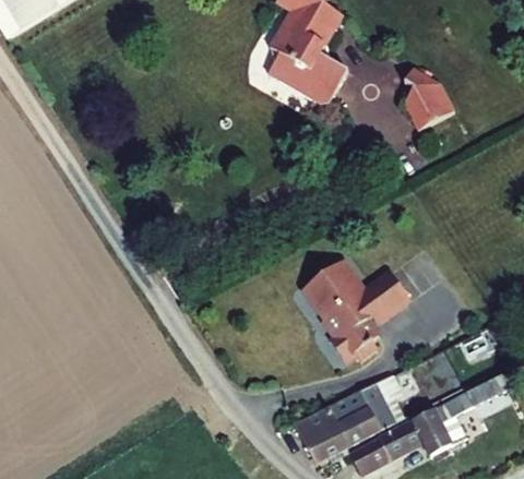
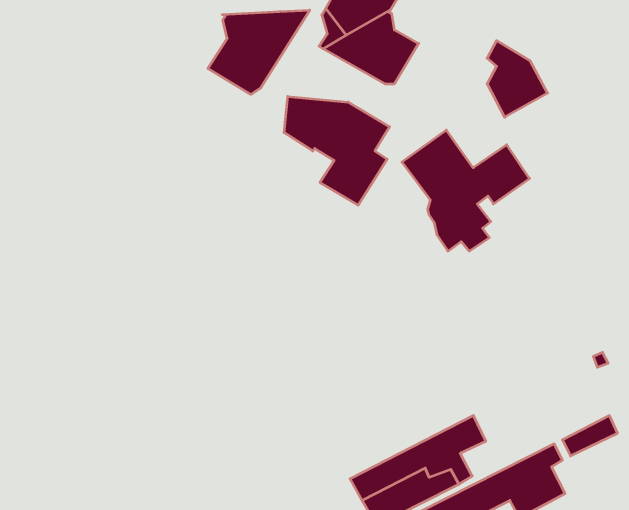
building: none -> [208,10,310,94]
building: none -> [284,96,390,205]
building: [306,261,409,359] -> [402,130,530,251]

